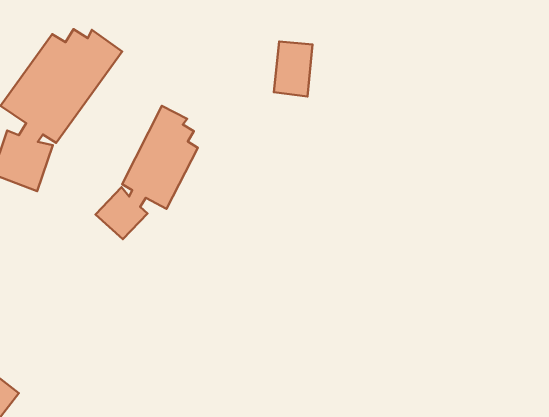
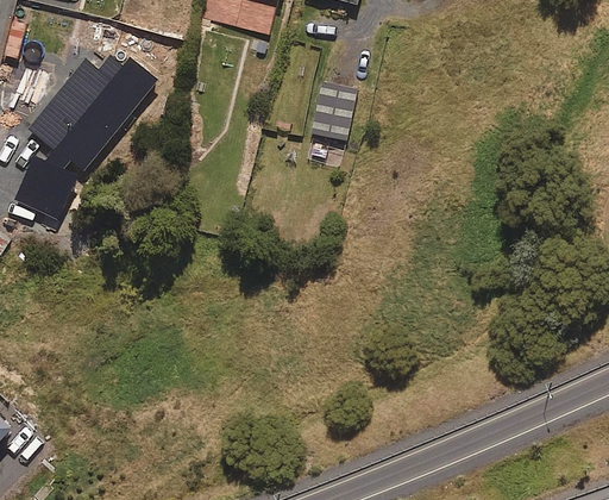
building: [96,106,198,239] -> none

